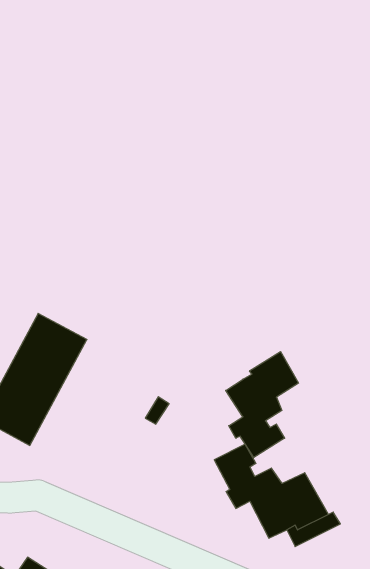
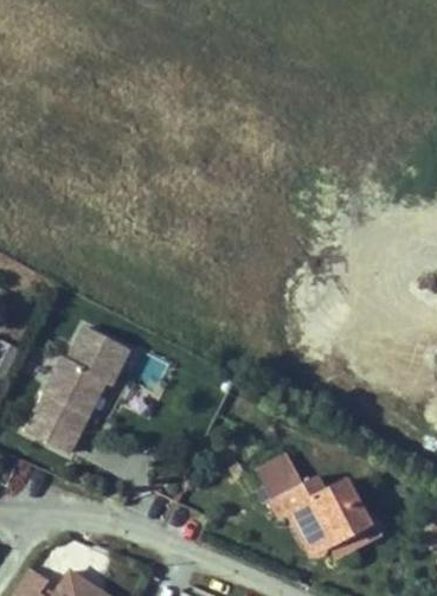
building: [226,352,298,458] -> none

